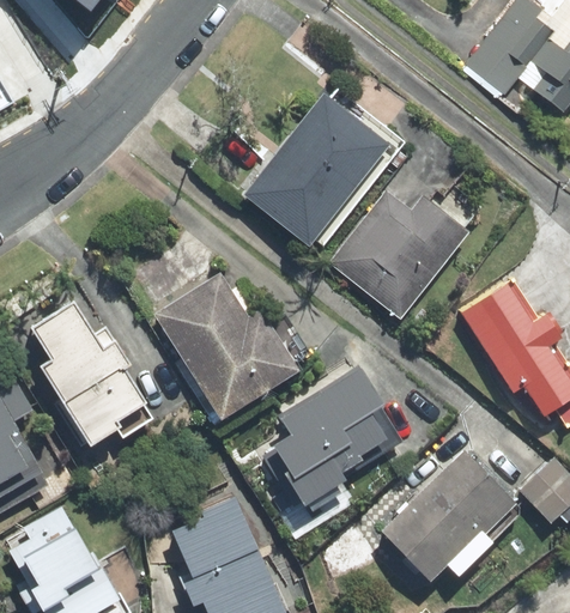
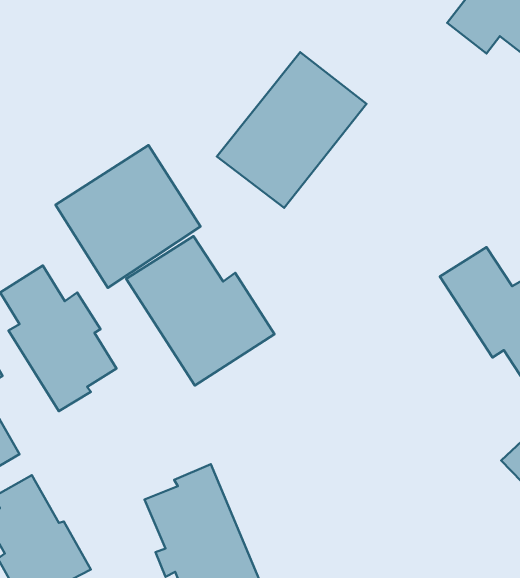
building: none -> [56,145,201,288]
building: [331,192,468,318] -> none
building: [271,366,402,504] -> none
building: [381,453,515,581] -> none

